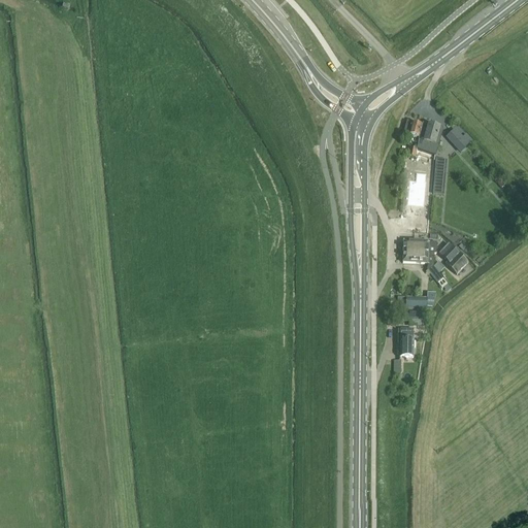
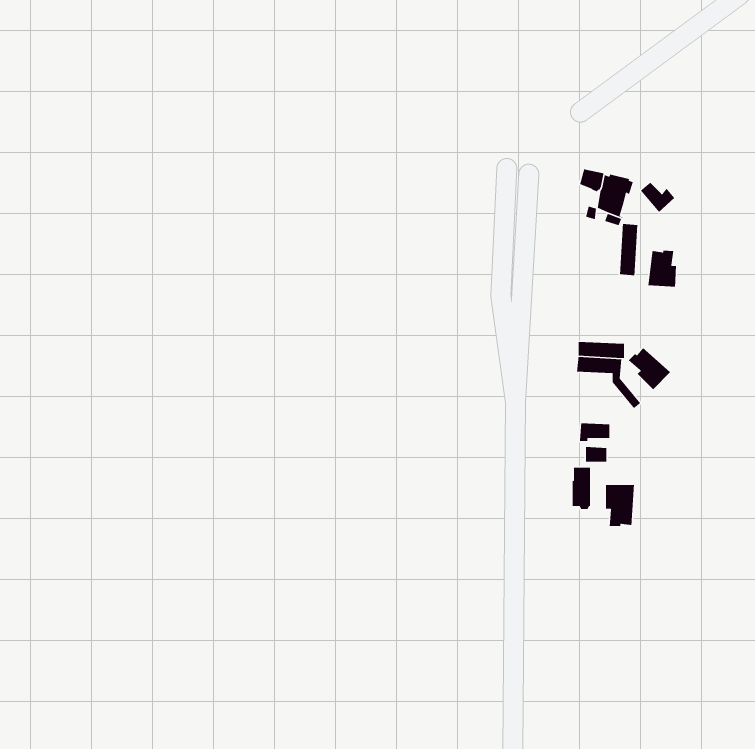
building: none -> [647,250,677,287]
building: none -> [605,484,635,527]

